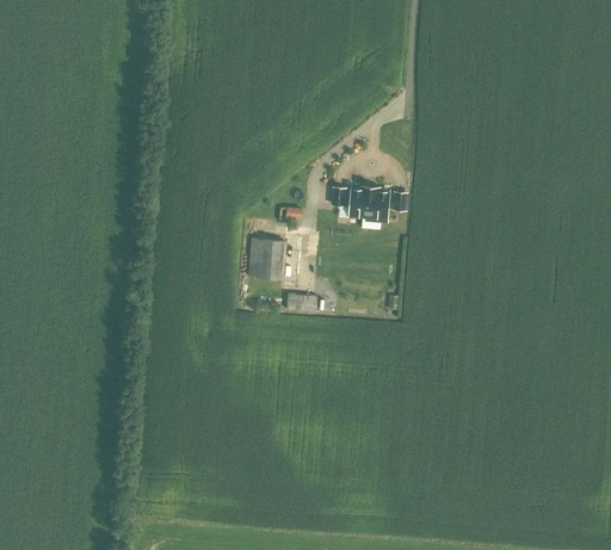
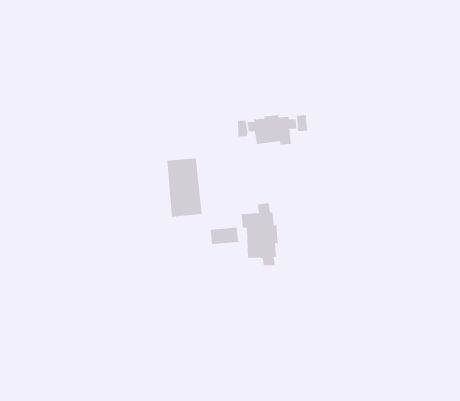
building: none -> [241,203,278,266]

